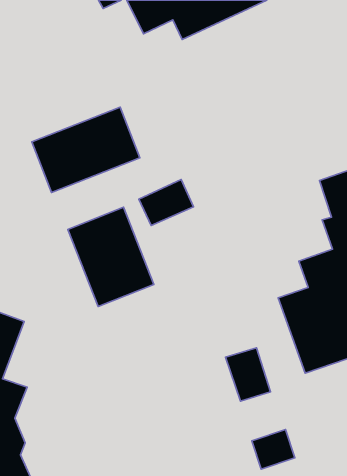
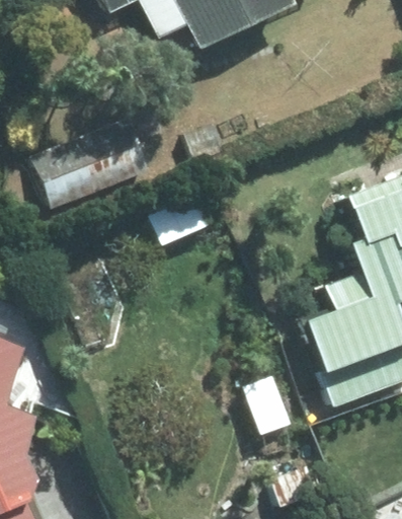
building: [68,207,154,306] -> none

